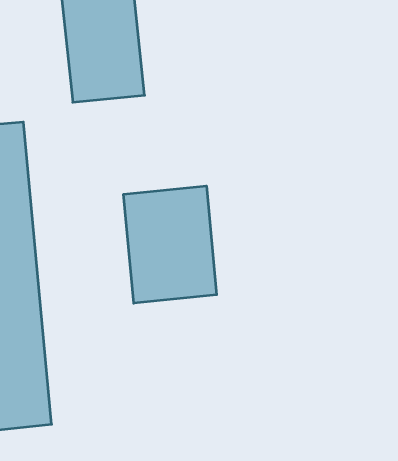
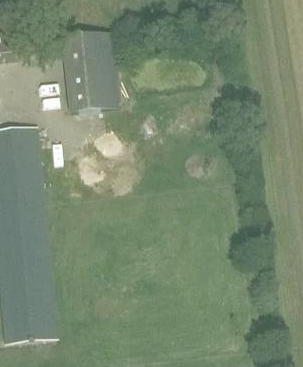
building: [124,186,217,303] -> none

